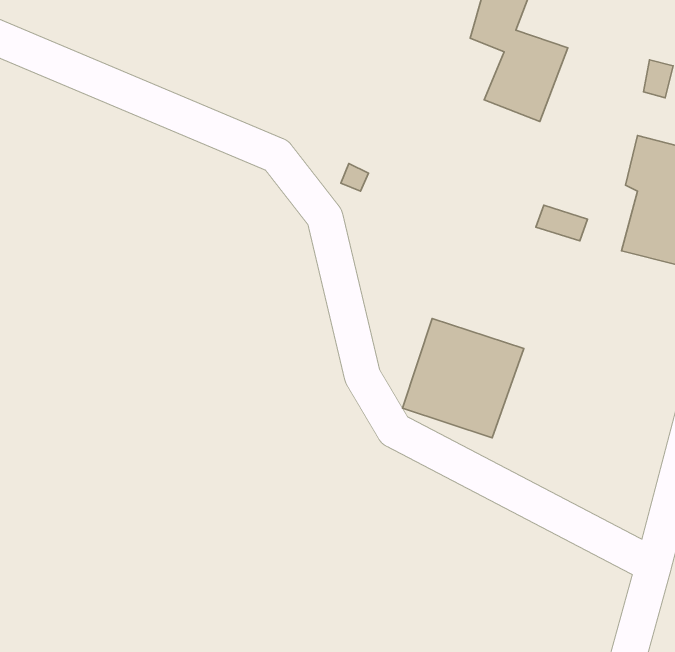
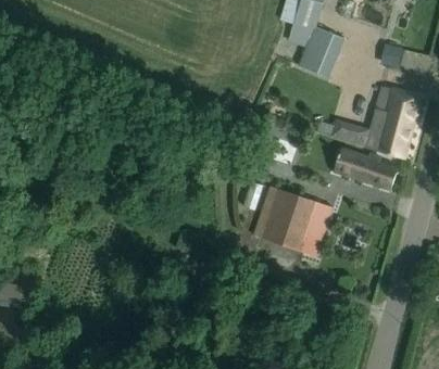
building: none -> [334,149,397,188]

